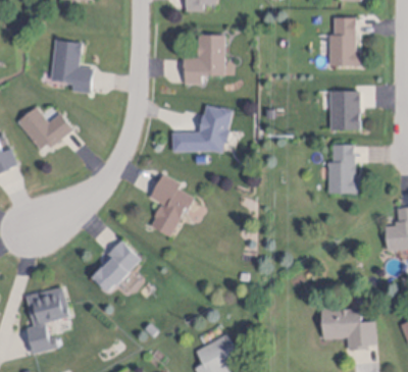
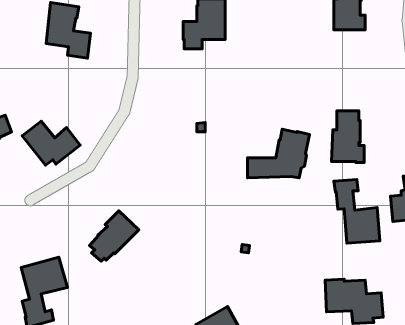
building: [329,92,360,130] -> none
building: [172,105,233,152] -> [248,129,310,178]
building: [17,107,73,150] -> [22,121,80,165]
building: [150,175,195,236] -> none
building: none -> [334,180,380,243]

